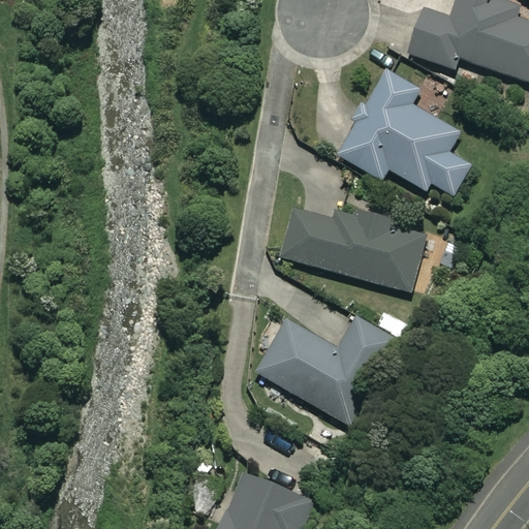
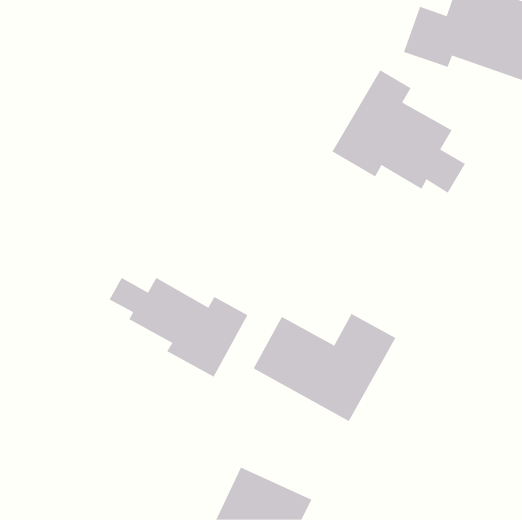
building: [282,208,427,292] -> none
building: none -> [109,277,248,378]

